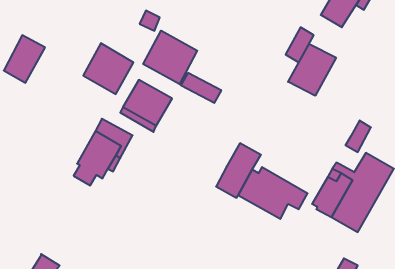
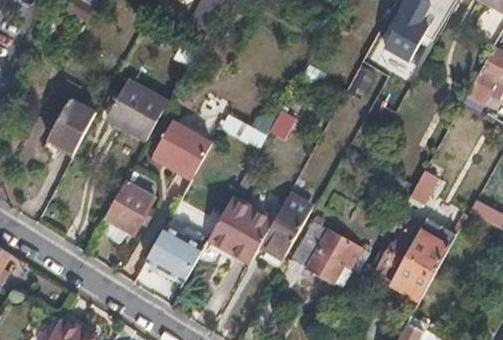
building: [143,31,197,84] -> none
building: [4,35,45,83] -> [48,97,95,151]
building: [288,44,336,96] -> none
building: none -> [208,196,274,262]
building: none -> [145,225,204,284]

